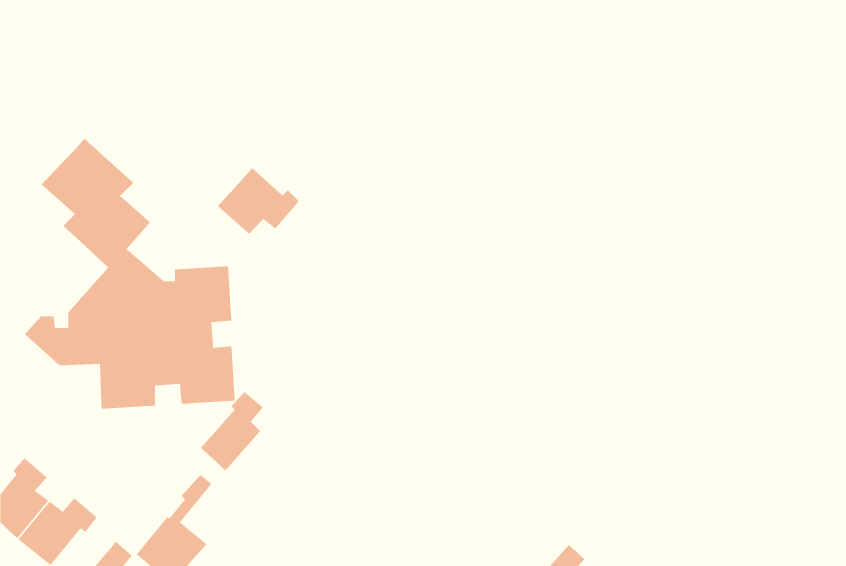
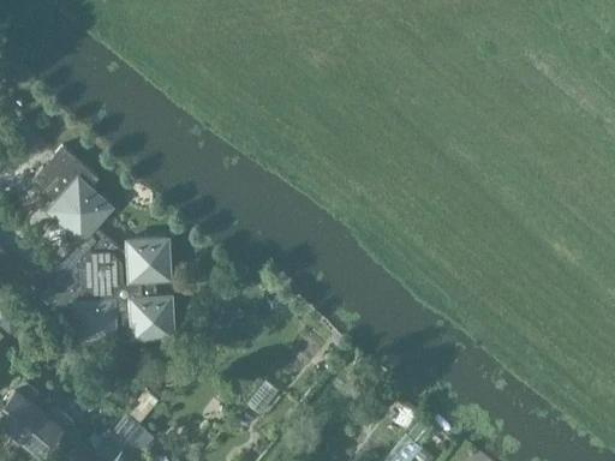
building: [217,167,299,234] -> none
building: [200,391,264,471] -> none

